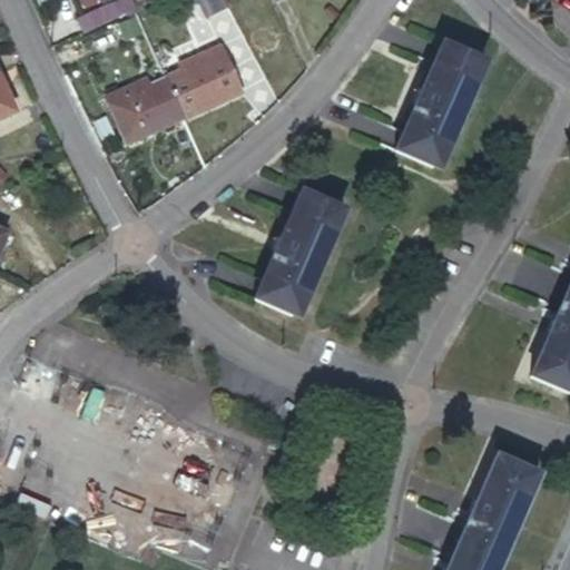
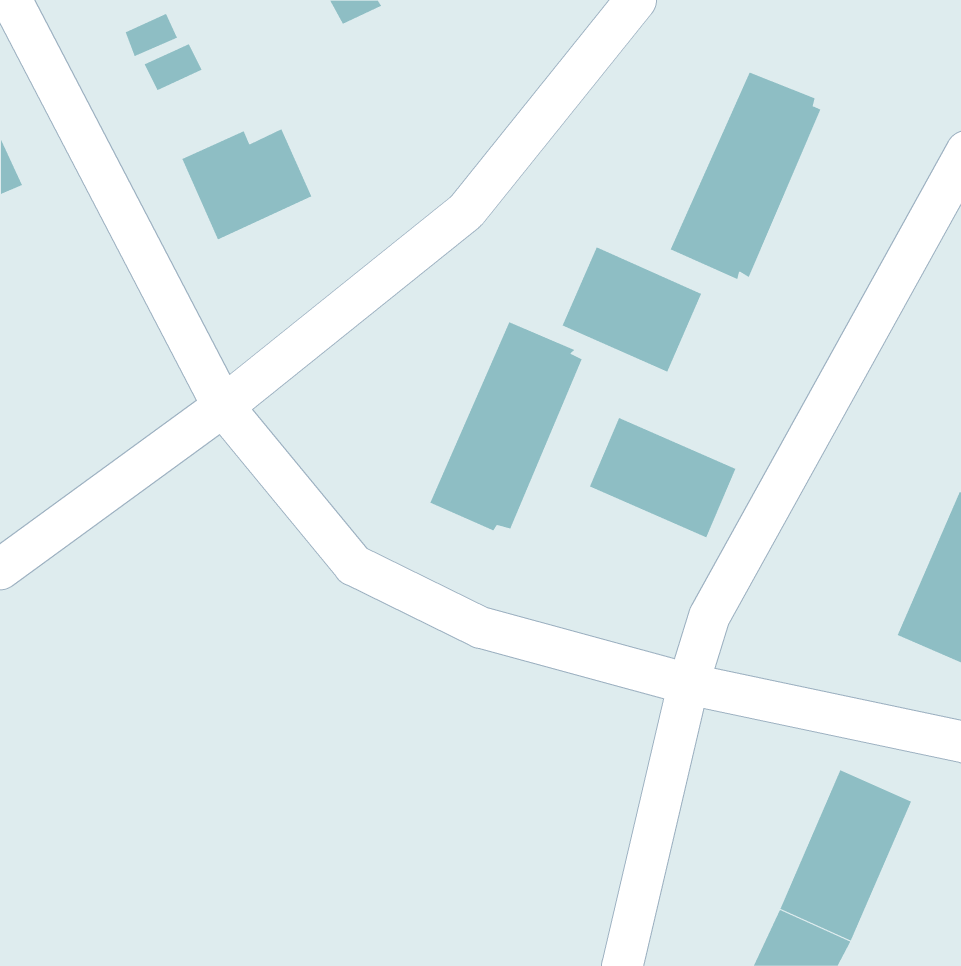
building: [169,42,243,116] -> none
building: none -> [562,247,702,373]
building: none -> [589,417,736,538]

